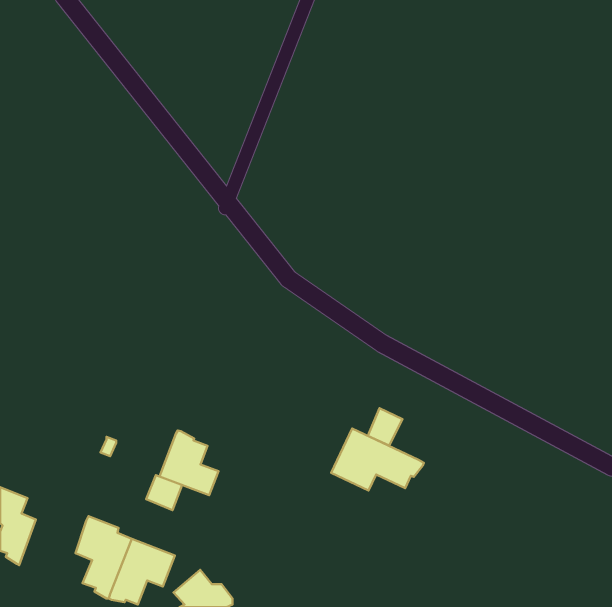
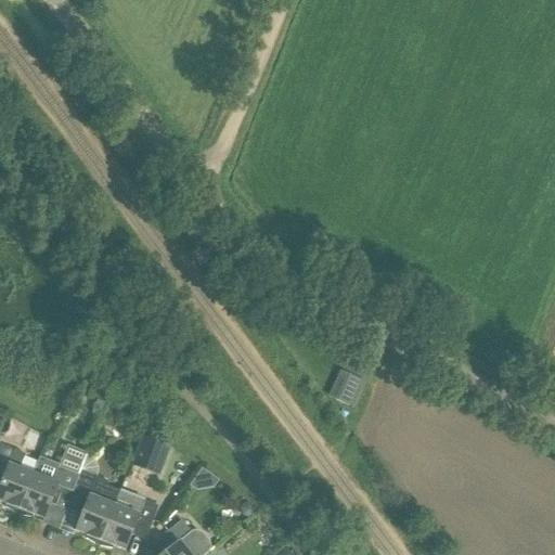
building: [331,428,424,491] -> none
building: [160,430,218,495] -> none
building: none -> [17,454,78,516]

